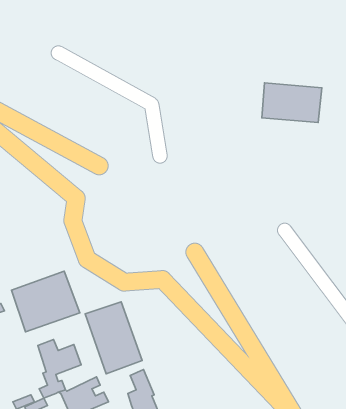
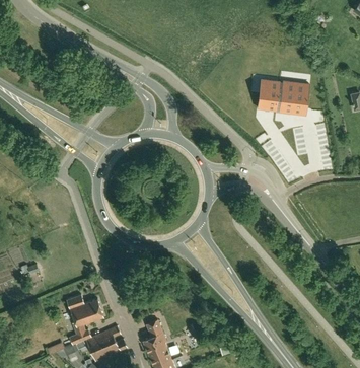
building: [11,271,80,332] -> none
building: [85,302,142,374] -> none

